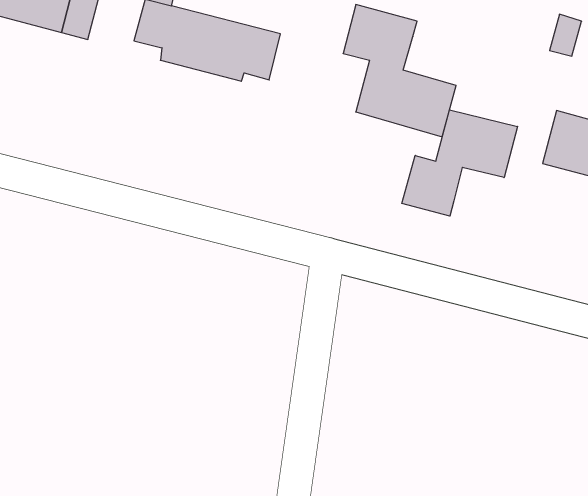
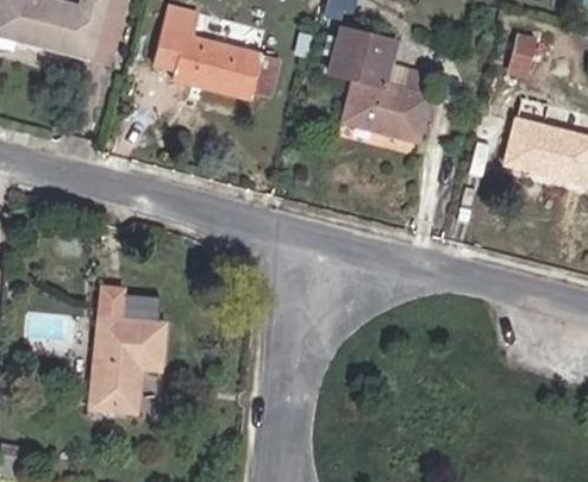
building: [402,110,518,216] -> none
building: none -> [86,257,161,406]

